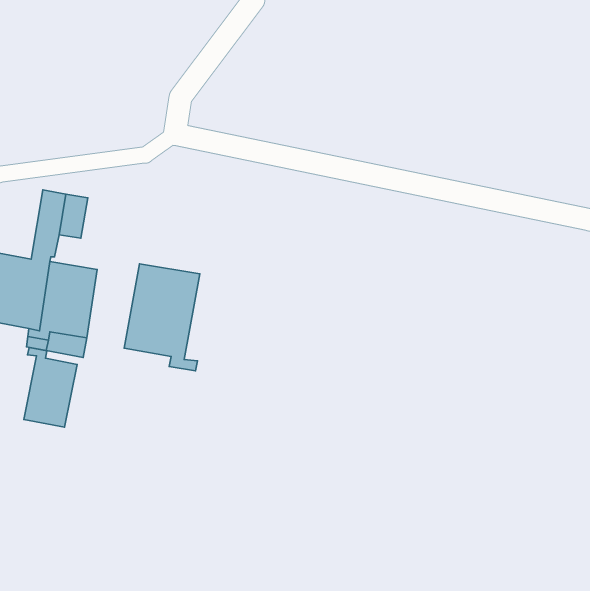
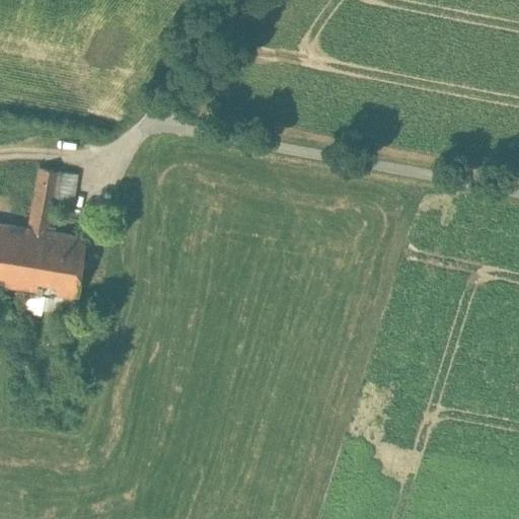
building: [124,264,200,371] -> none
building: [24,347,77,427] -> none

